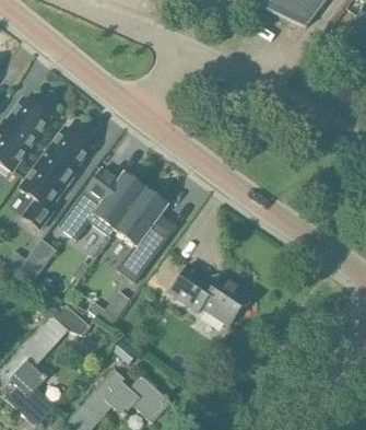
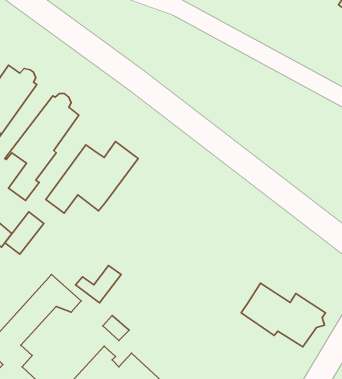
building: [115,187,175,282] -> none
building: [169,263,250,324] -> [241,283,326,347]

